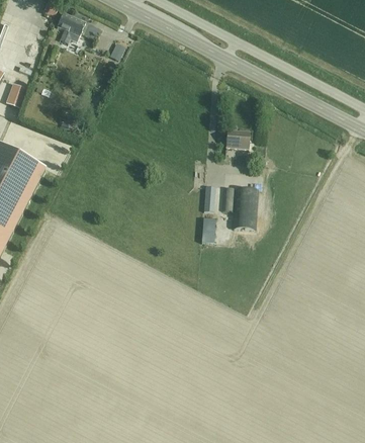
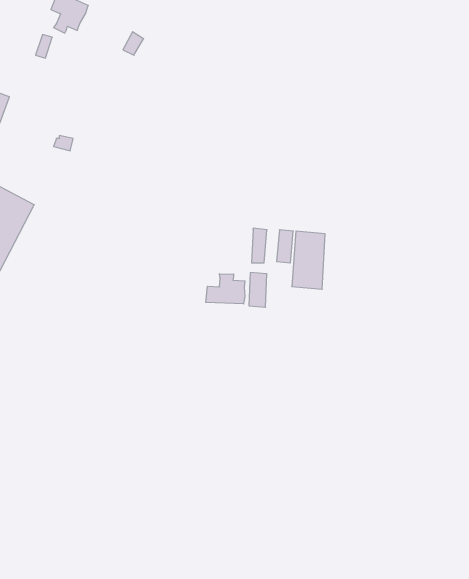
building: [225,127,250,146] -> none
building: none -> [206,274,245,304]

